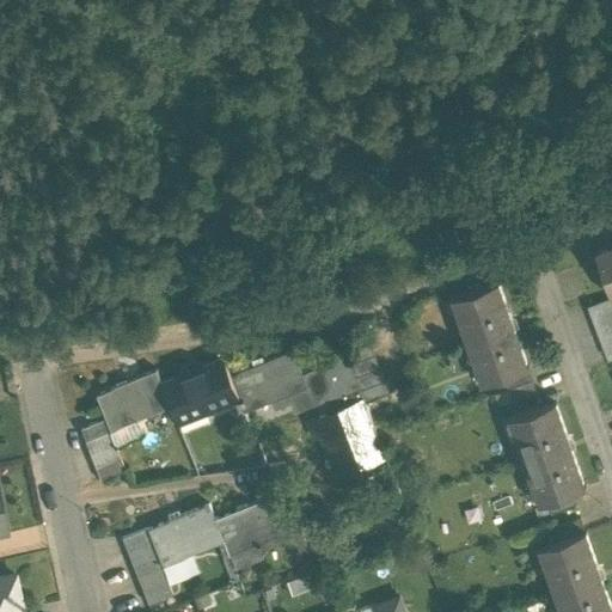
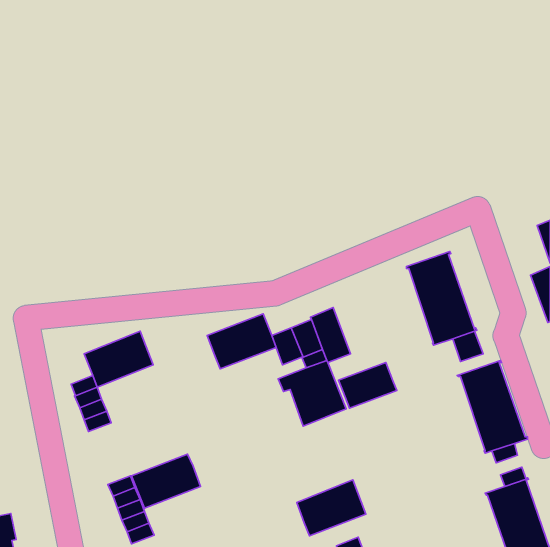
building: [161,363,238,423] -> none
building: none -> [338,362,397,408]
building: [214,496,290,558] -> [297,480,366,536]

